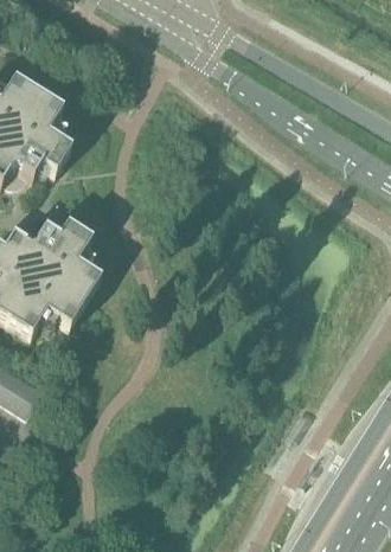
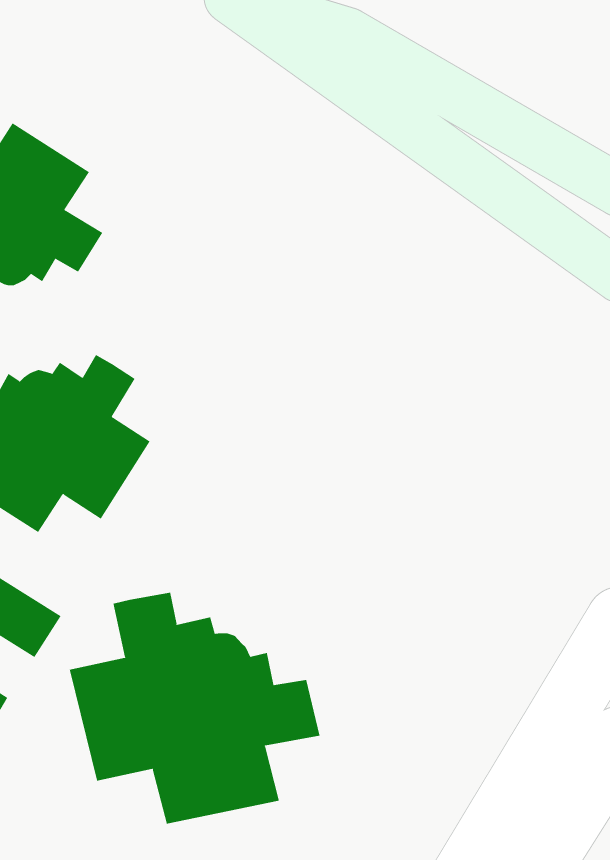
building: none -> [69,592,320,824]

